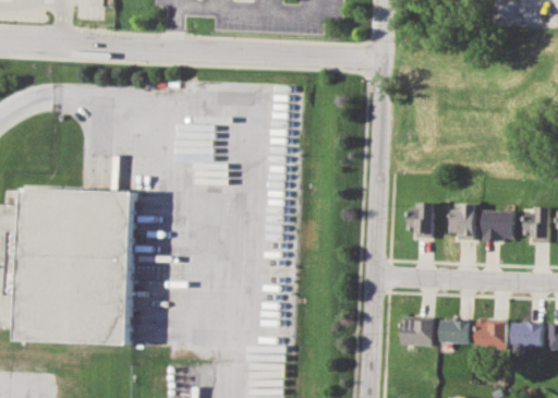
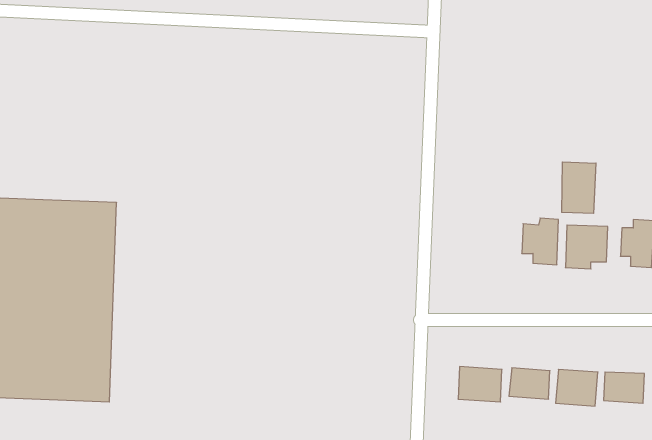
building: none -> [562,162,596,213]
building: [405,202,433,238] -> none

